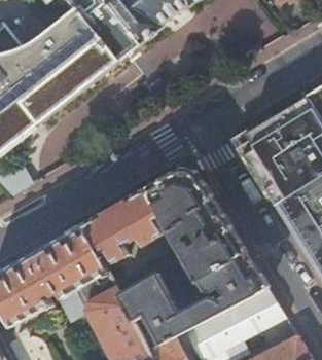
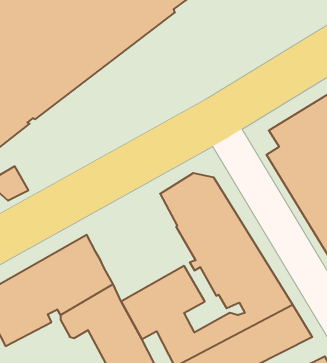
building: [82,189,164,263] -> none

